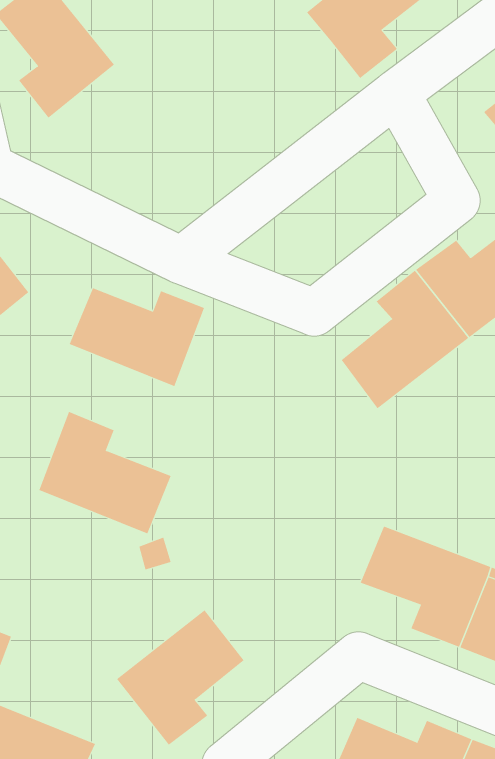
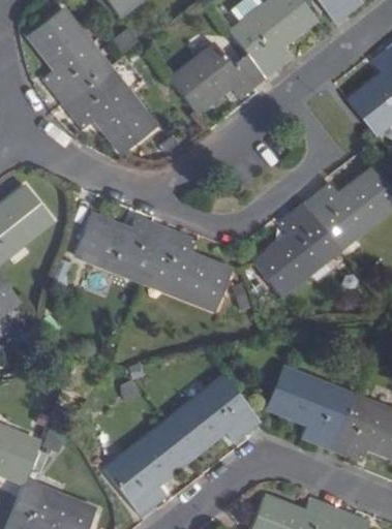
building: none -> [172,45,267,113]
building: none -> [63,68,154,154]
building: [39,411,171,534] -> [146,227,233,308]
building: none -> [165,378,261,458]

